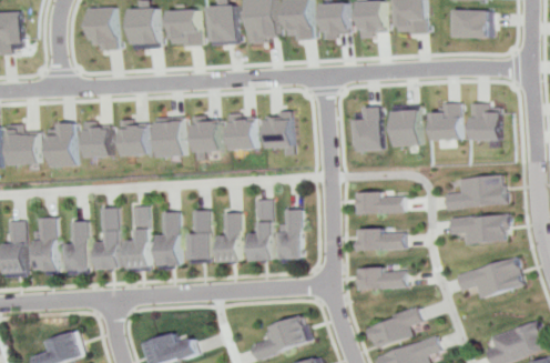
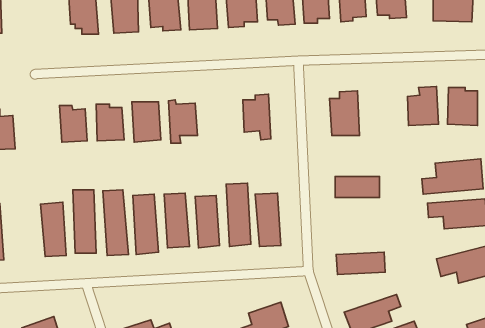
building: [390,103,419,147] -> none
building: [226,113,253,150] -> none
building: [44,122,73,167] -> none
building: [32,215,57,273] -> none
building: [357,229,403,251] -> none

